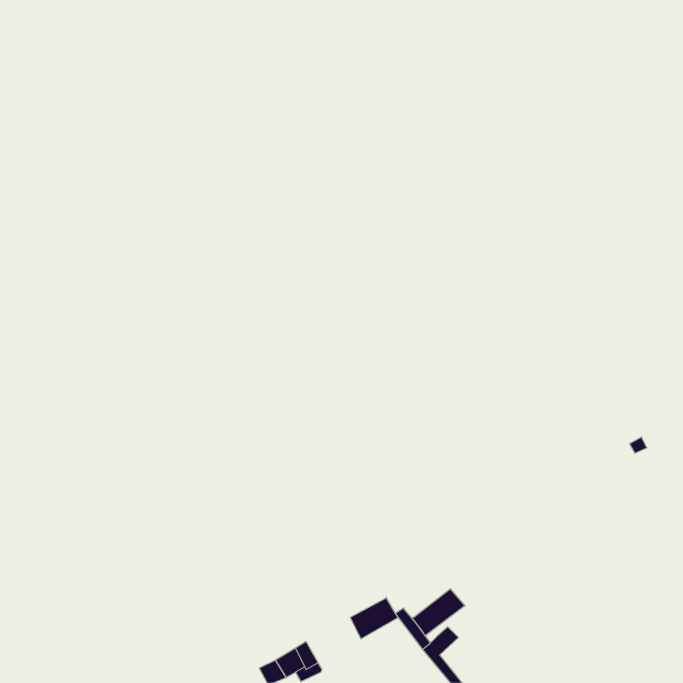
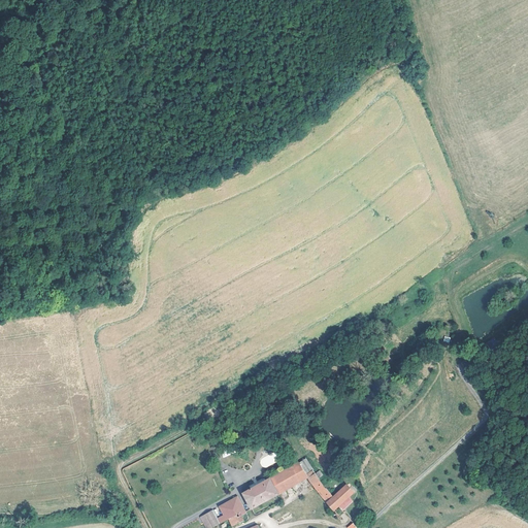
building: [412,589,465,636] -> none
building: none -> [241,476,278,508]

